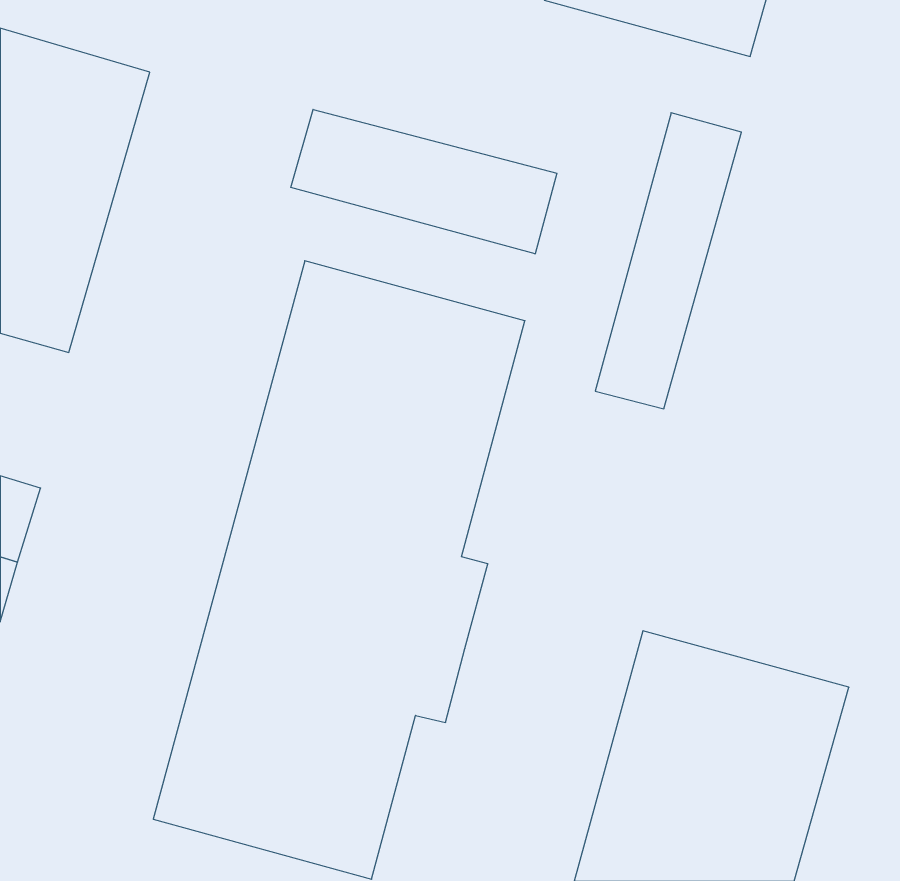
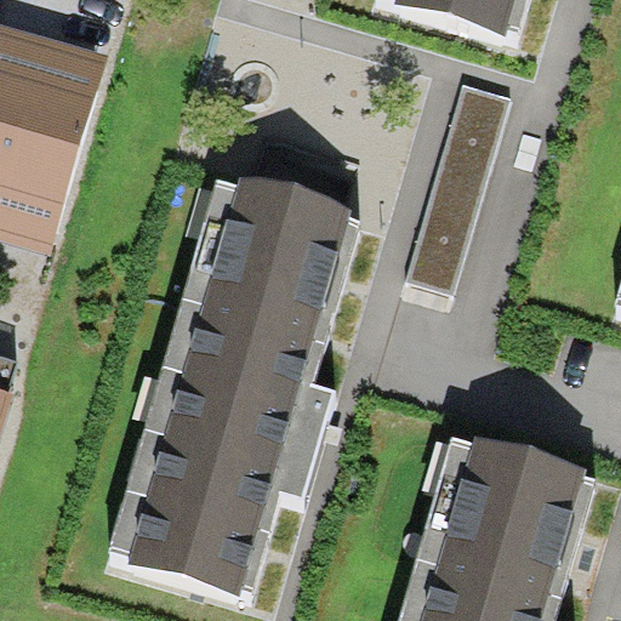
building: [291,109,557,254] -> none

